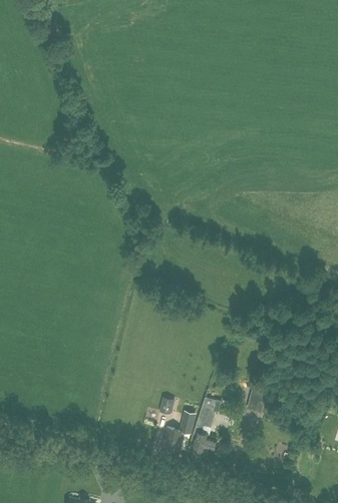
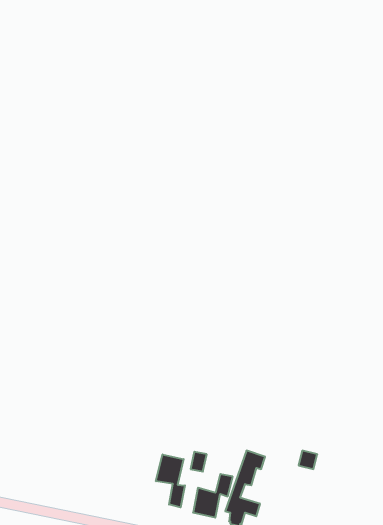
building: none -> [156,454,185,507]

